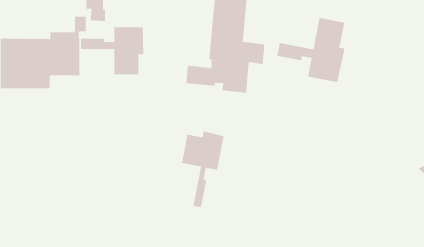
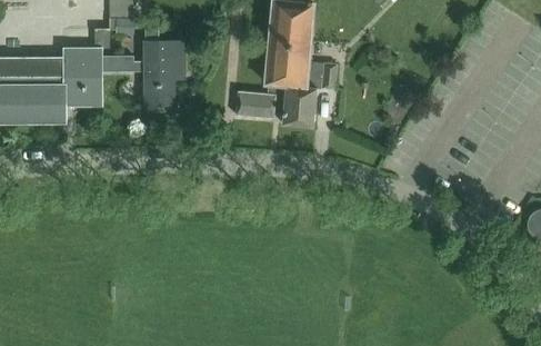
building: [277,17,345,83] -> none
building: [181,131,224,208] -> none

